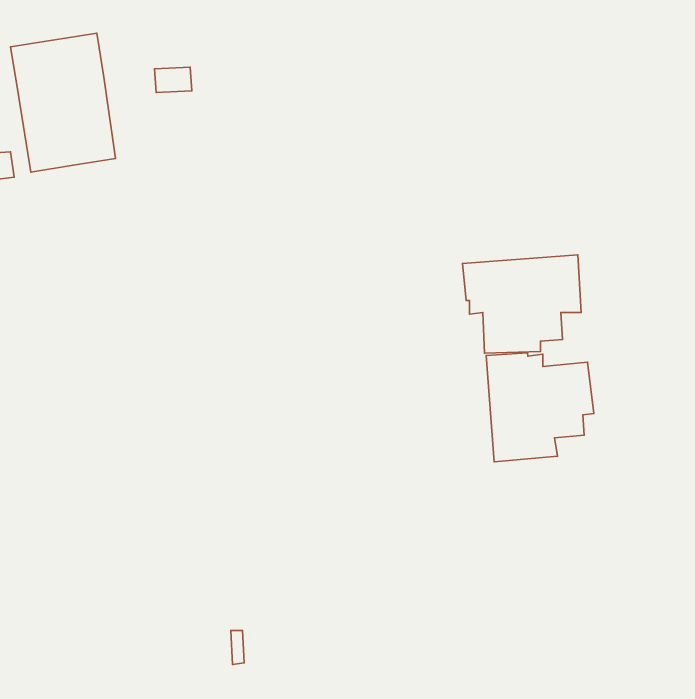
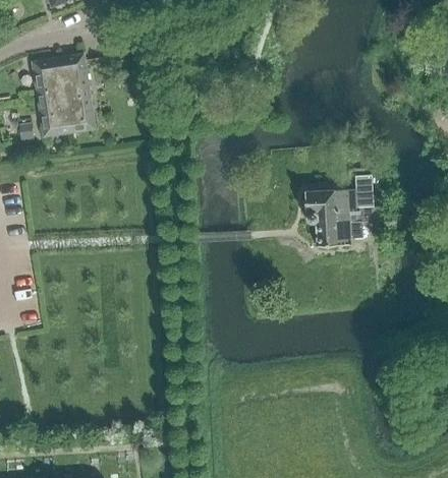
building: [486,353,594,462] -> none

